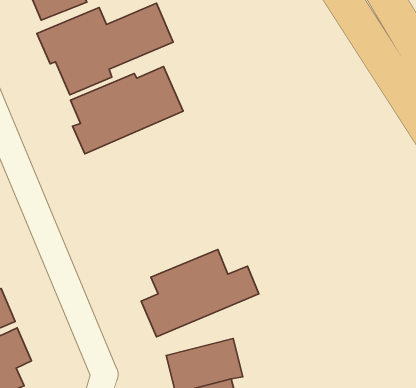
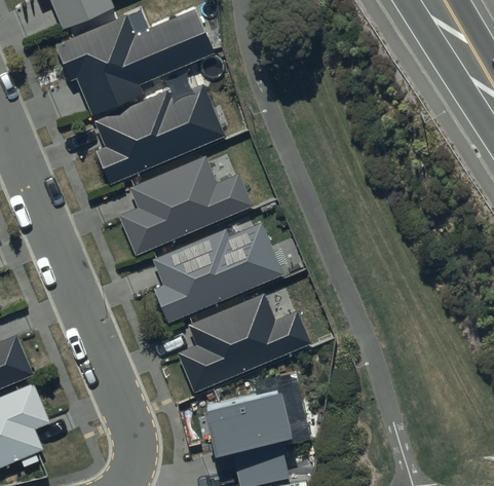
building: none -> [121,156,254,255]
building: none -> [152,224,284,323]

